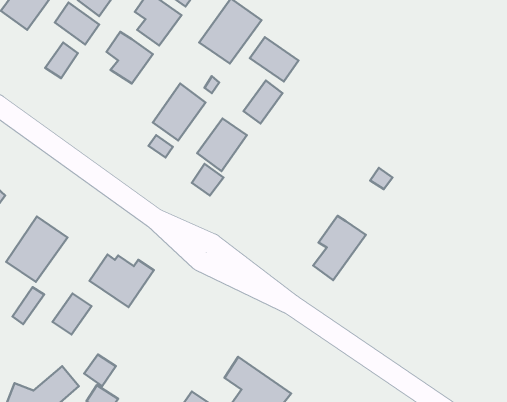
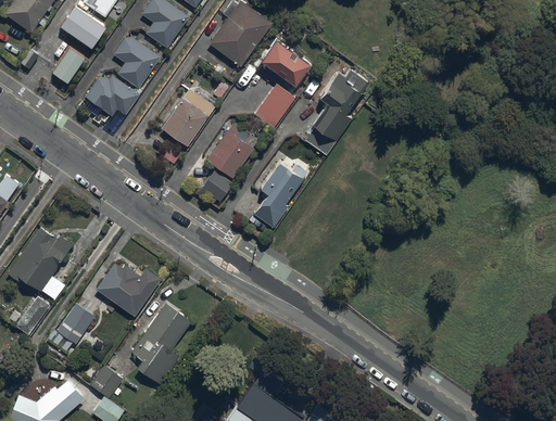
building: none -> [302,68,369,155]
building: none -> [85,75,140,117]
building: [313,216,366,280] -> [254,162,308,228]
building: none -> [131,304,192,385]

